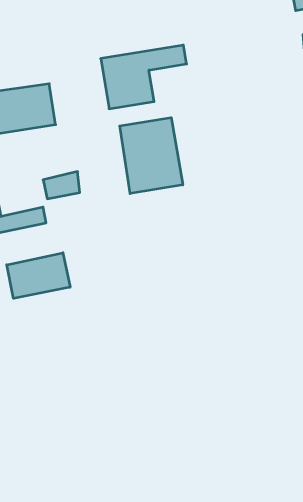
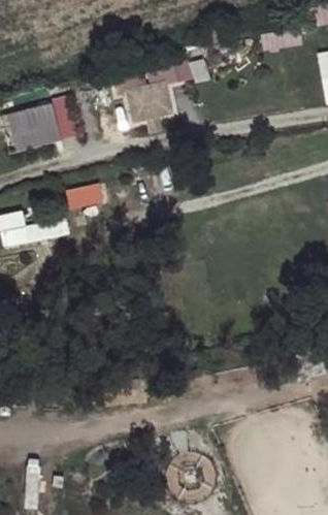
building: [120,118,183,194] -> none
building: [7,253,70,298] -> none

